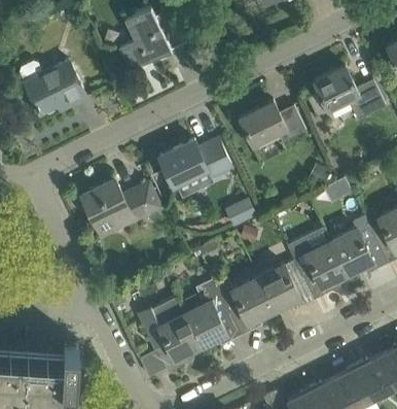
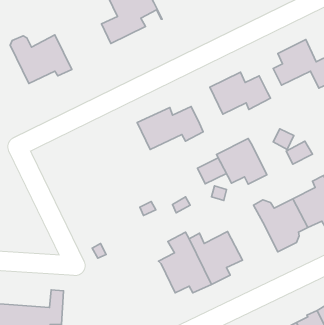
building: [81,179,161,237] -> none
building: [258,261,314,311] -> [217,139,267,184]
building: [137,298,201,375] -> none

